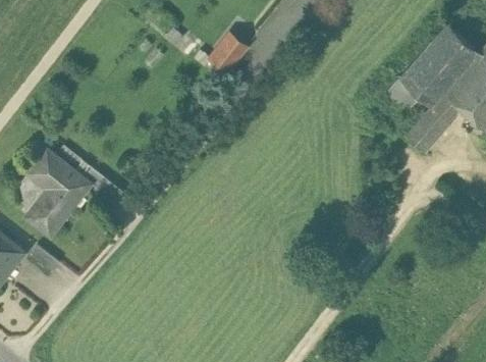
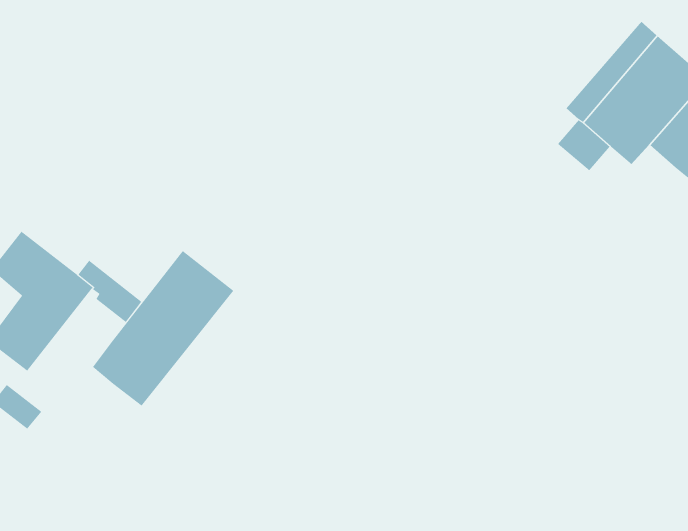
building: [207,32,248,76] -> none
building: [407,95,461,153] -> none
building: none -> [92,250,234,406]

